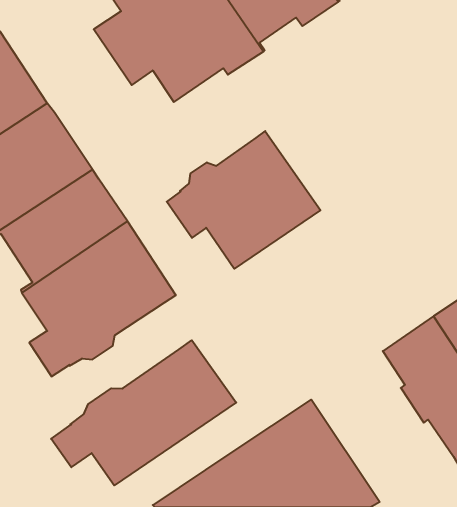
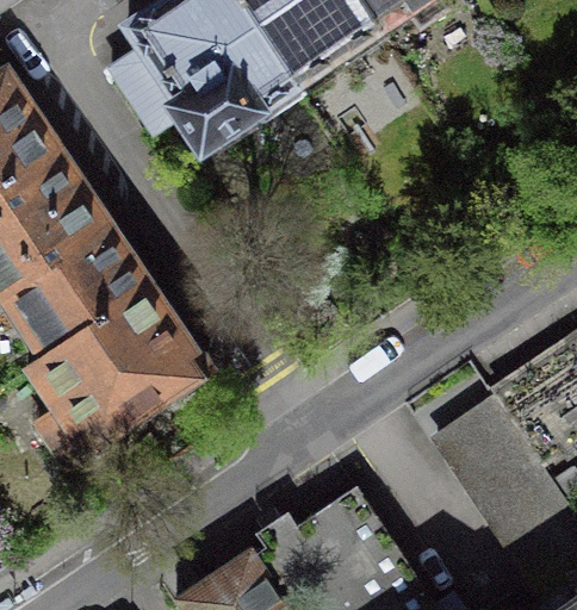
building: [167,131,320,269] -> none
building: [51,340,236,485] -> none

